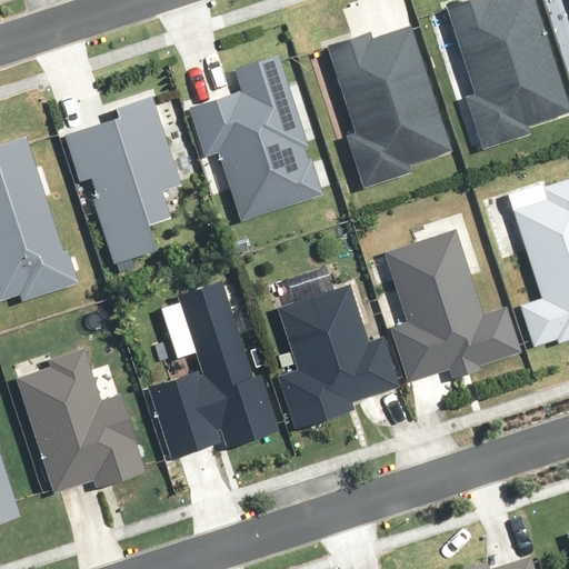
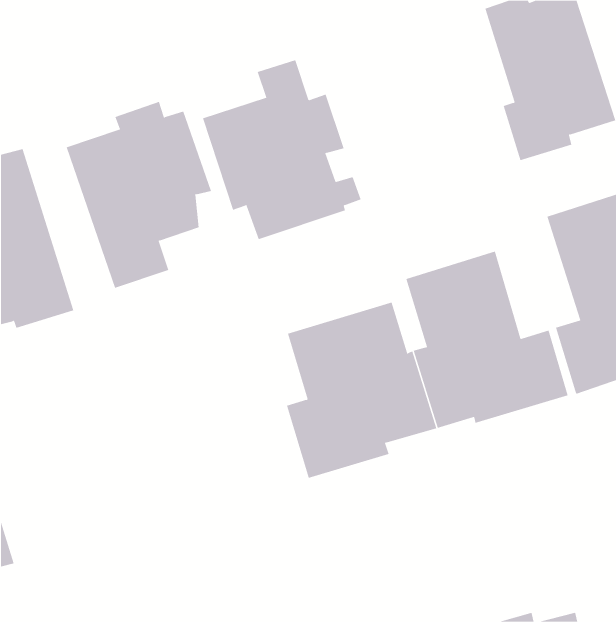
building: [326,28,447,187] -> none
building: [170,277,279,451] -> none
building: [18,351,147,492] -> none

